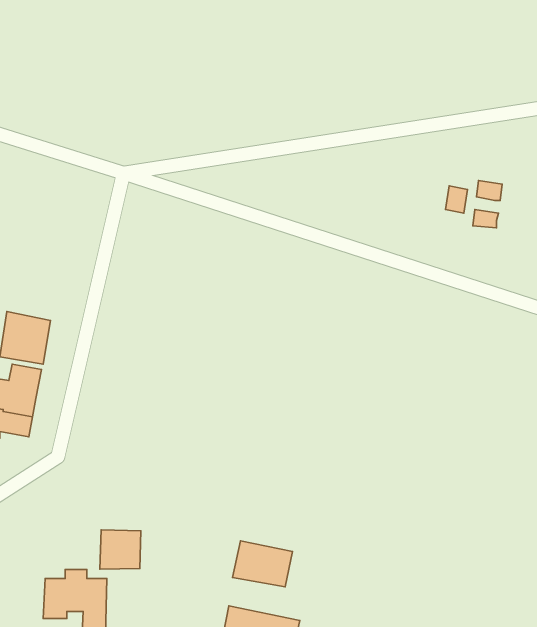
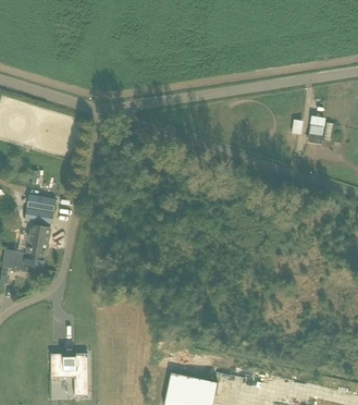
building: [100,530,141,569] -> none
building: [232,541,292,587] -> none

